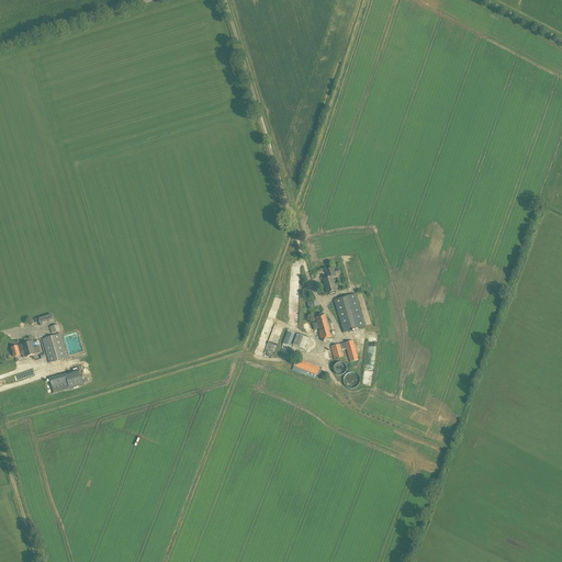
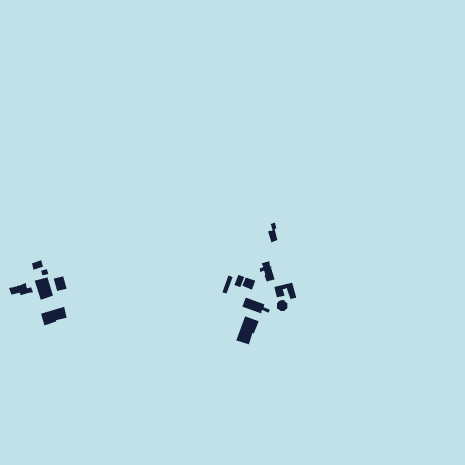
building: [334,293,363,330] -> none
building: none -> [236,316,259,345]

